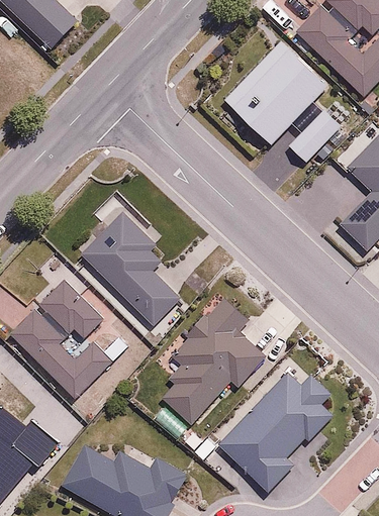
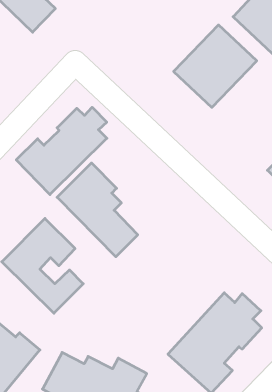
building: [290,107,341,160] -> none
building: none -> [16,107,107,195]
building: [155,300,265,428] -> none

